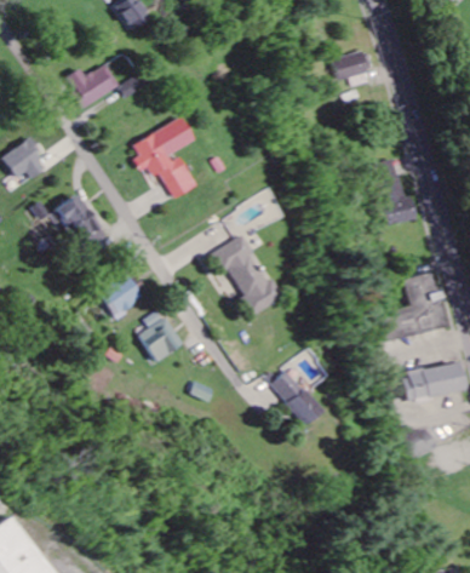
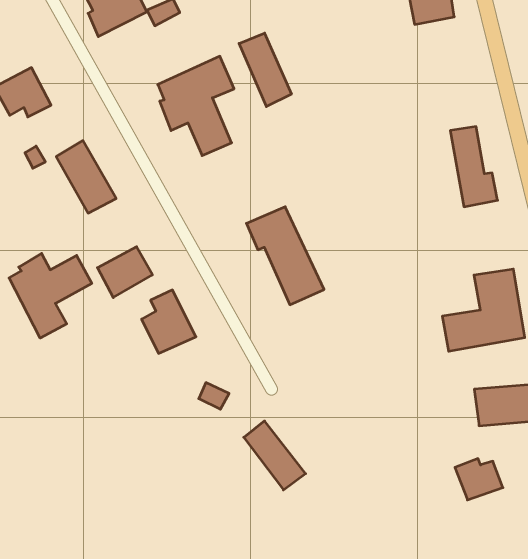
building: none -> [239,33,291,107]
building: none -> [9,253,92,338]
building: [269,371,321,425] -> [244,421,306,490]

